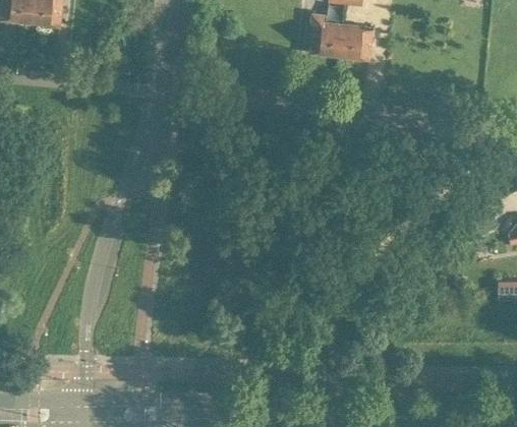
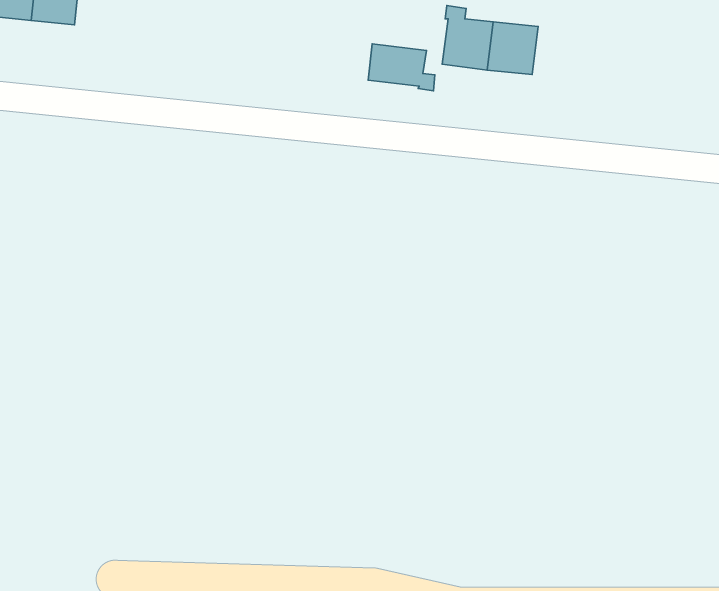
building: none -> [368,44,435,91]

